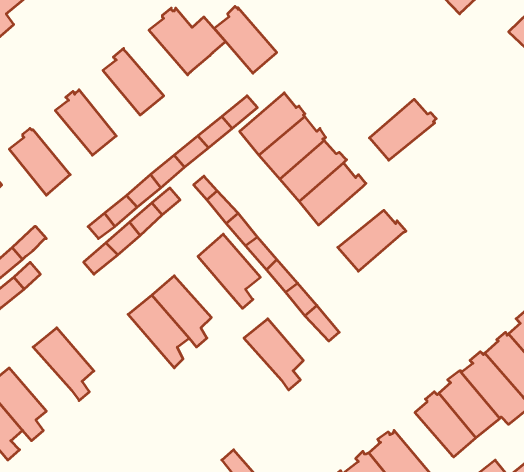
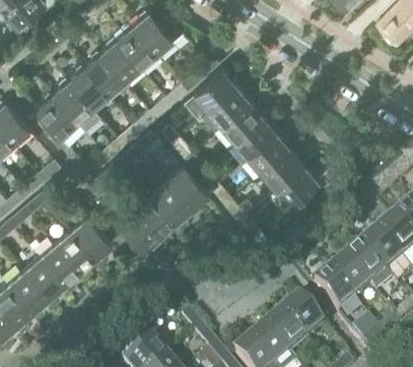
building: [214,6,277,73] -> [114,25,156,71]
building: none -> [82,53,124,99]
building: [369,99,436,160] -> [246,133,291,175]
building: none -> [51,79,99,133]
building: none -> [273,165,319,209]
building: none -> [67,215,110,266]
building: [244,319,303,390] -> [147,181,188,230]
building: none -> [35,243,77,293]

